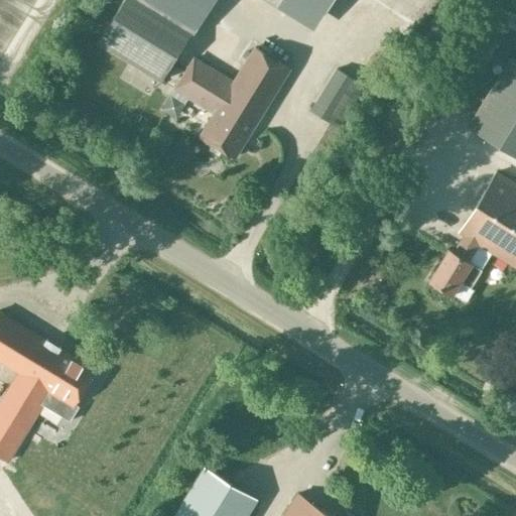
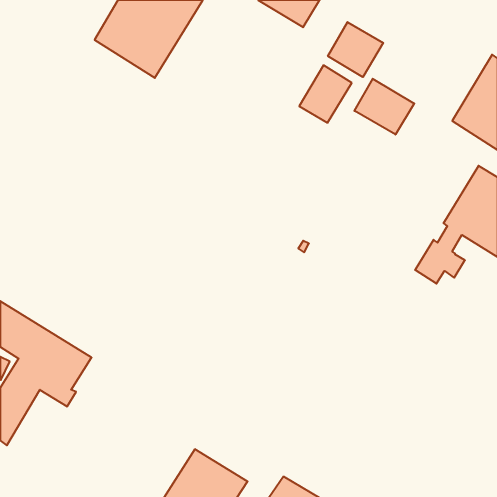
building: none -> [328,22,383,77]
building: [175,47,289,157] -> none
building: none -> [354,79,414,135]

